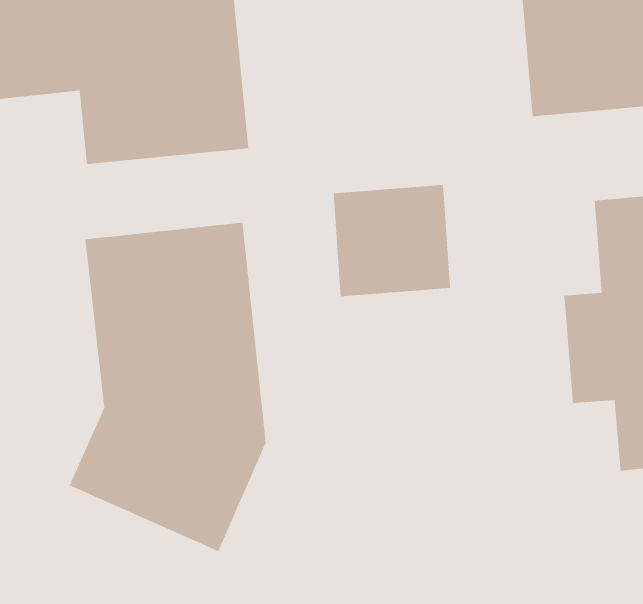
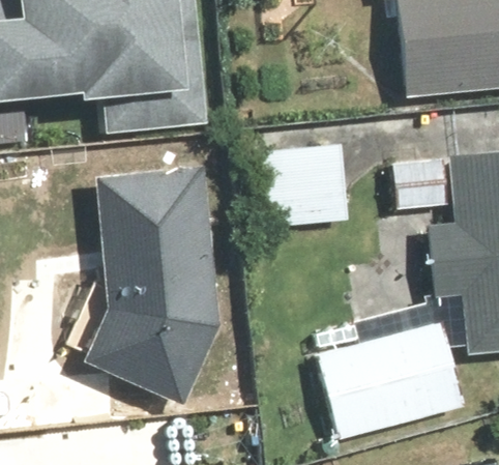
building: none -> [318,294,474,441]

